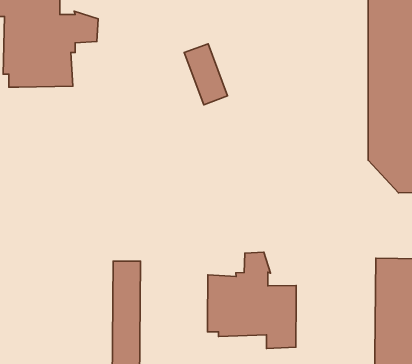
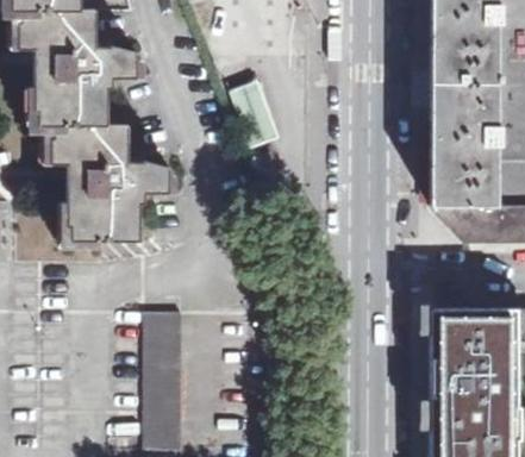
building: none -> [49,126,169,243]
building: [207,252,296,348] -> none

